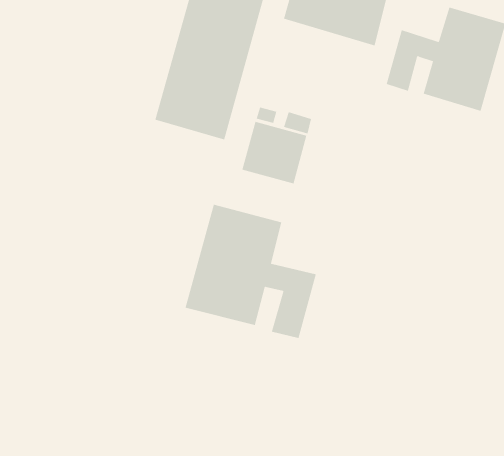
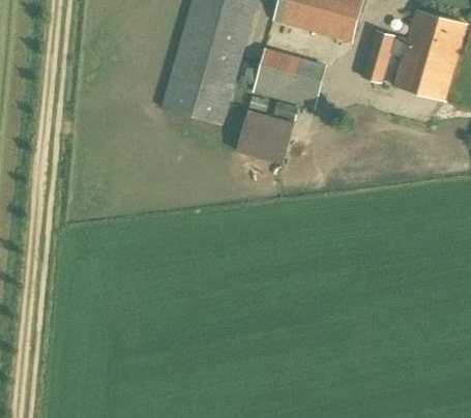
building: none -> [254,48,326,108]
building: [185,204,317,339] -> none

